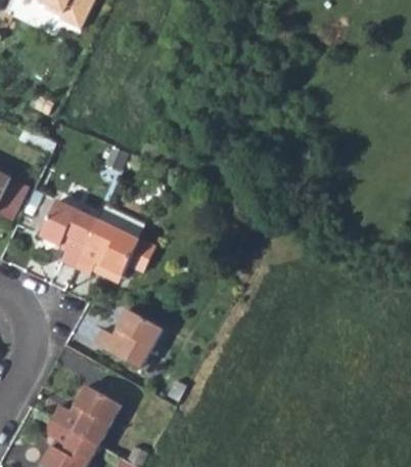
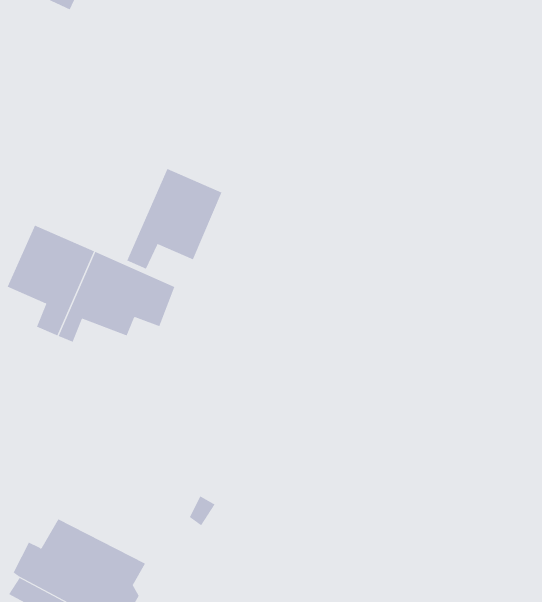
building: none -> [127,168,222,270]
building: [92,309,163,369] -> none

